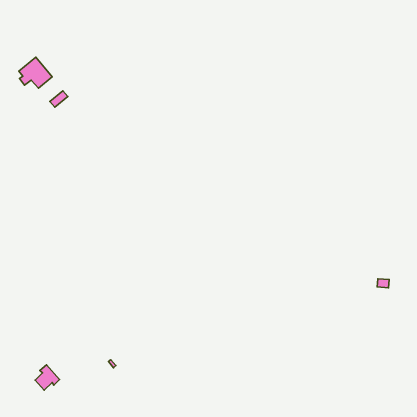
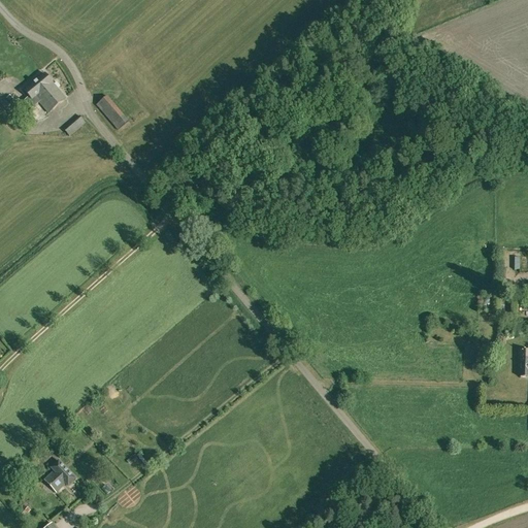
building: none -> [96,95,129,130]

